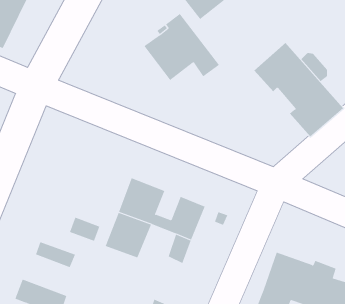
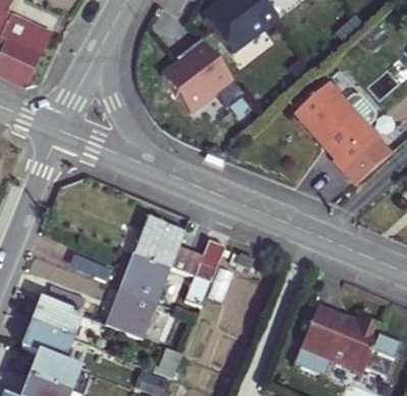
building: none -> [113,297,162,343]
building: none -> [37,305,96,351]

